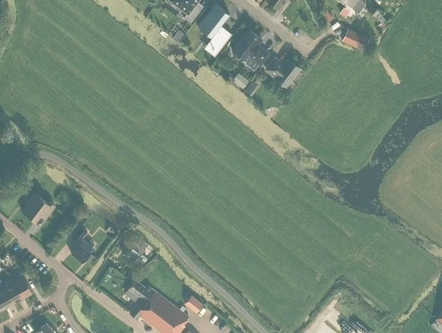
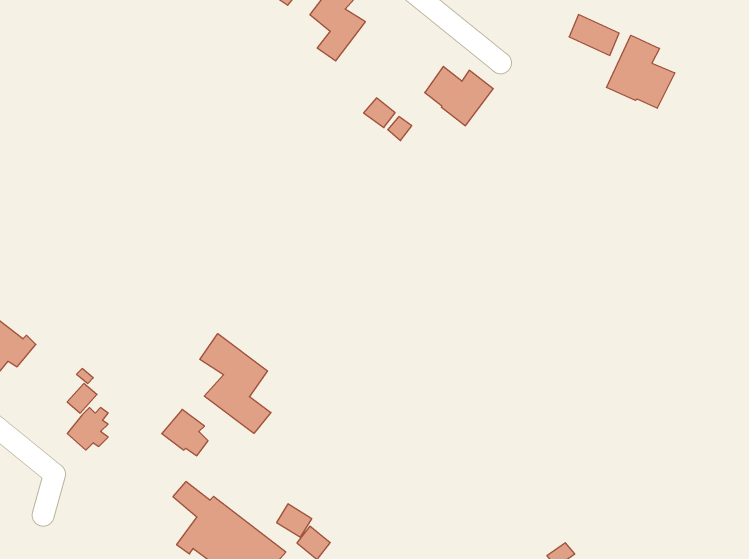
building: [231,29,268,64] -> none
building: none -> [607,35,675,108]
building: none -> [200,334,271,433]

